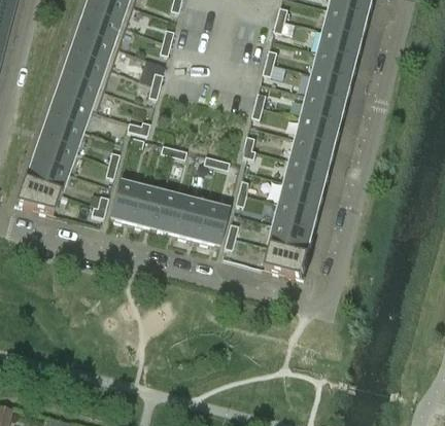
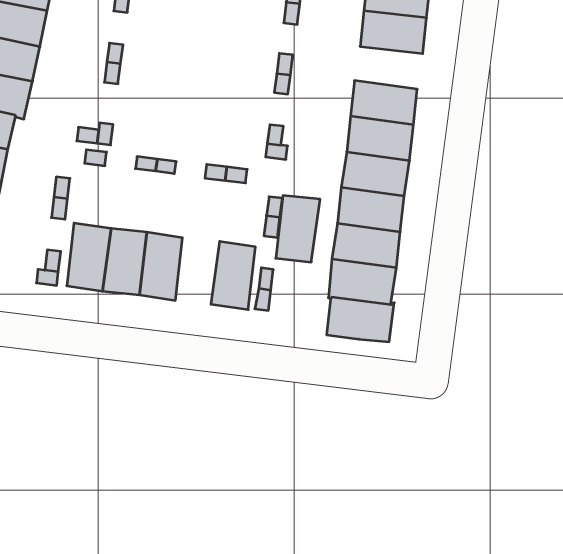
building: [302,93,346,123] -> none
building: [174,197,206,240] -> [276,196,320,262]

